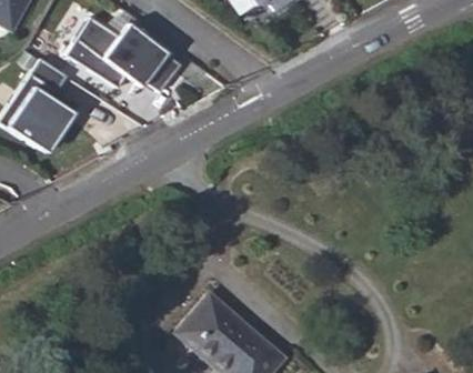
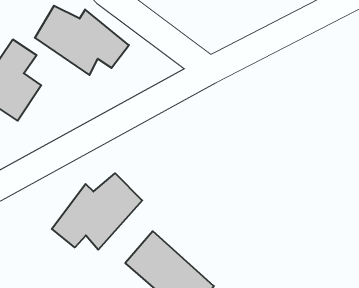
building: none -> [52,173,142,250]

